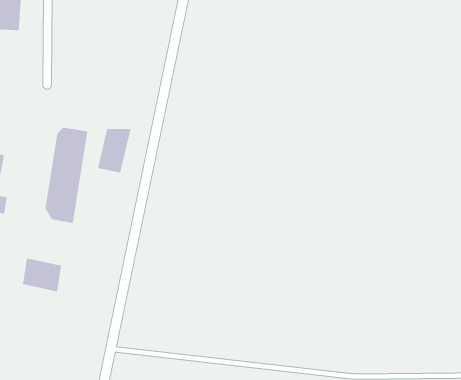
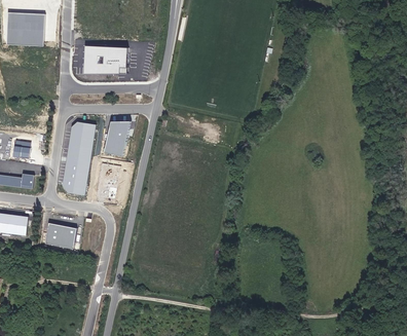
building: none -> [82,45,127,76]

